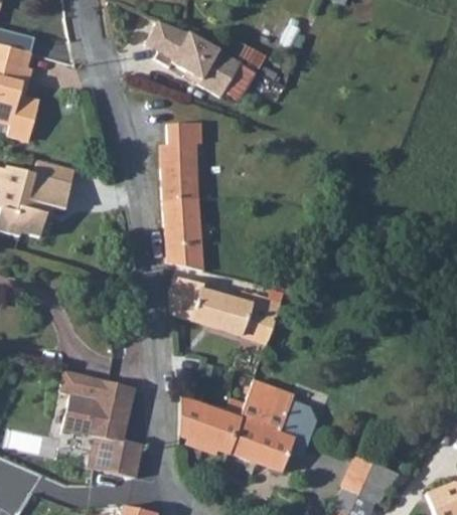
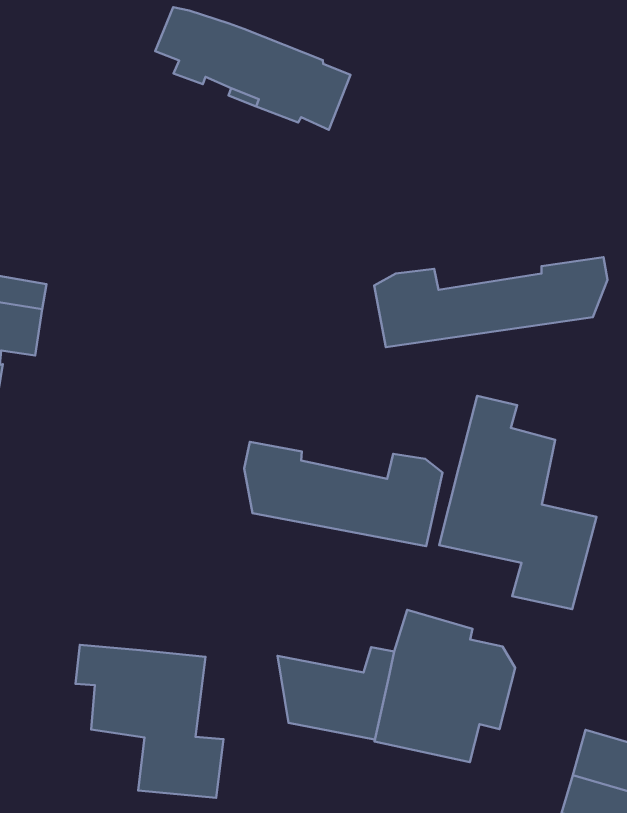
building: [162,122,206,271] -> none
building: none -> [374,257,607,347]
building: none -> [439,396,596,609]

